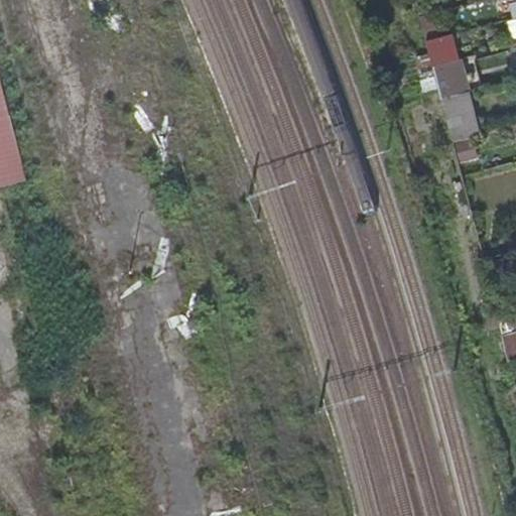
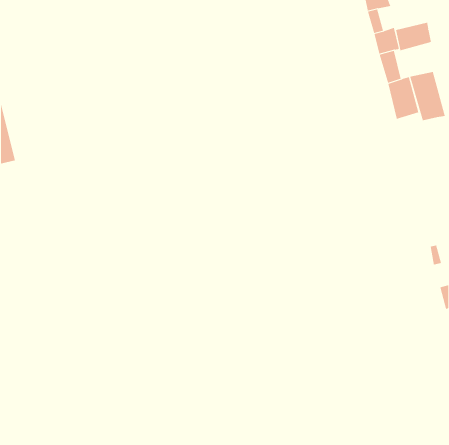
building: none -> [396,22,432,51]
building: none -> [409,71,445,121]

